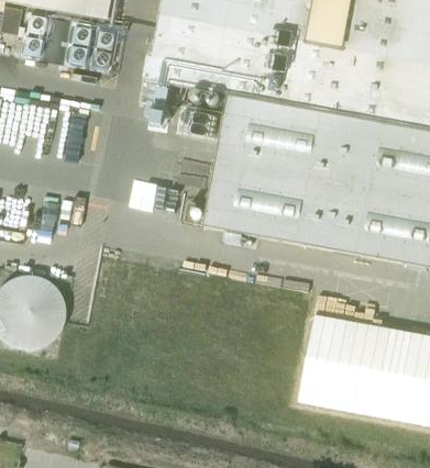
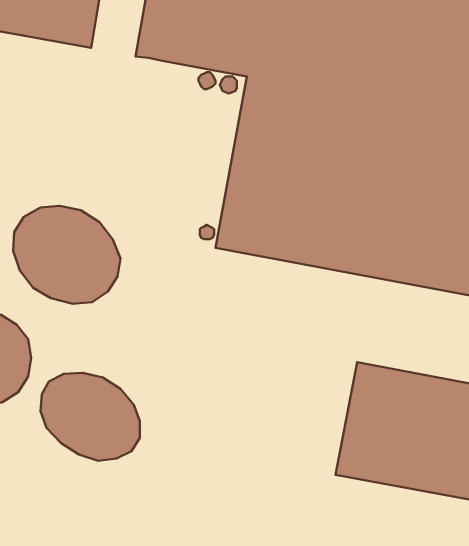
building: none -> [13,206,121,304]
building: none -> [41,373,140,461]

